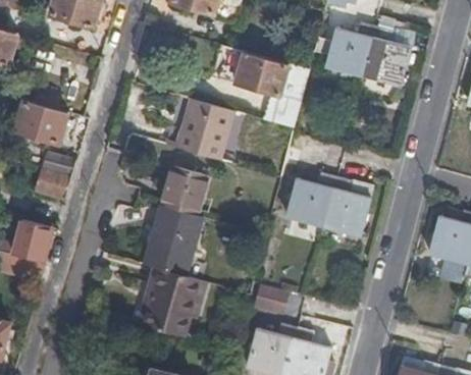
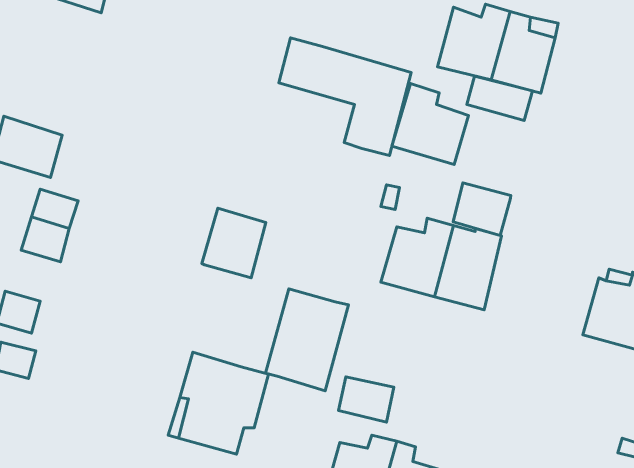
building: none -> [467,76,532,120]
building: none -> [392,83,468,165]
building: [168,100,229,159] -> none
building: none -> [453,183,511,235]
building: [146,206,204,277] -> [265,289,348,391]

